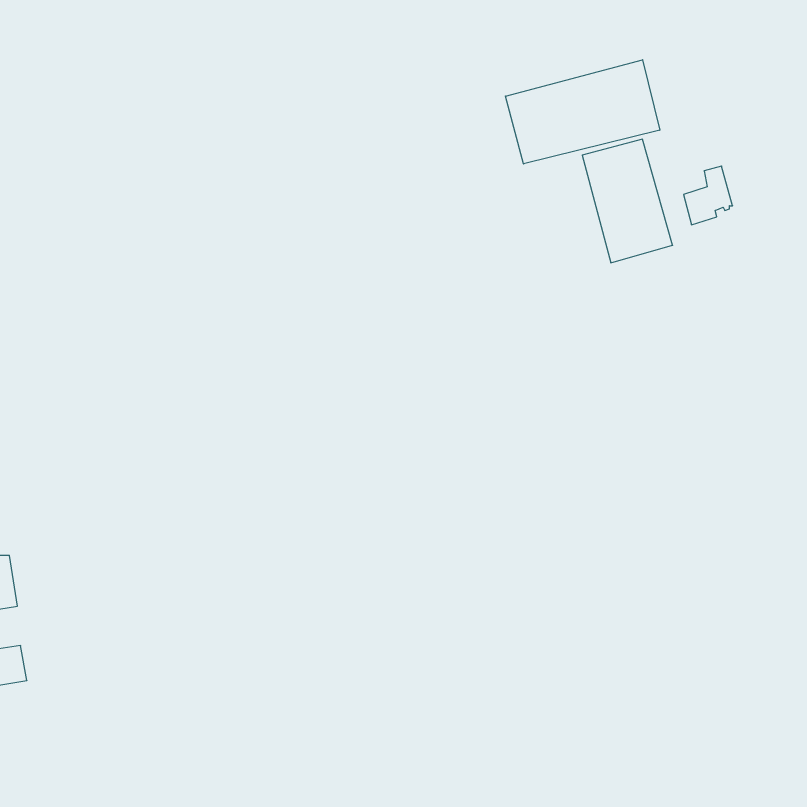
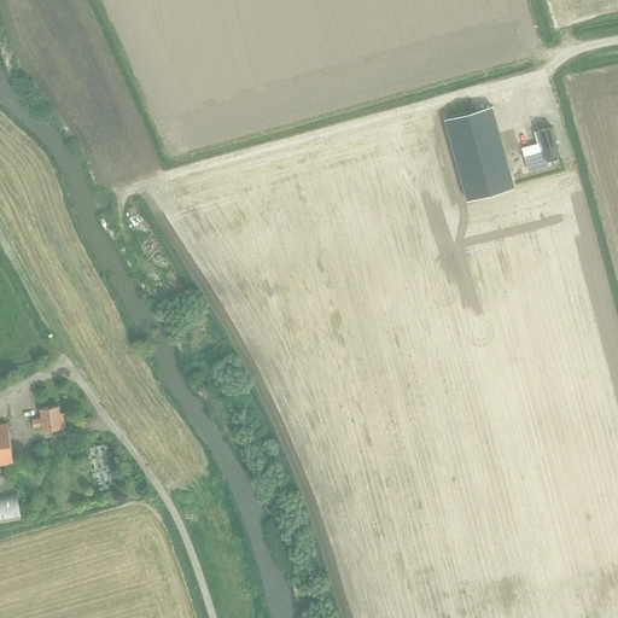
building: [505,60,660,164] -> none
building: none -> [31,407,64,432]

